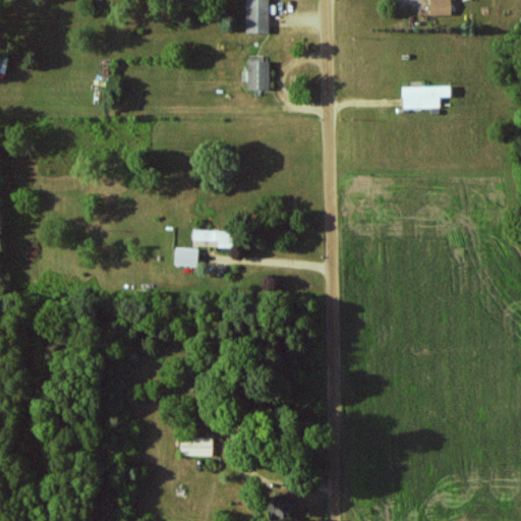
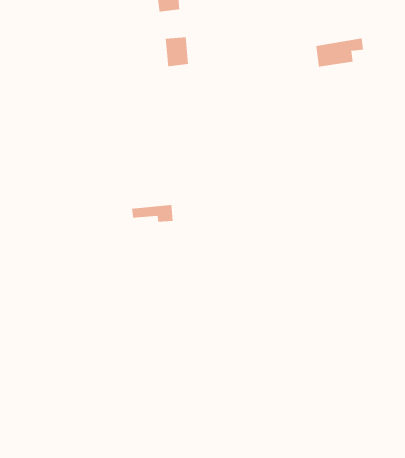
building: [173,247,197,266] -> none
building: [179,437,213,456] -> none

